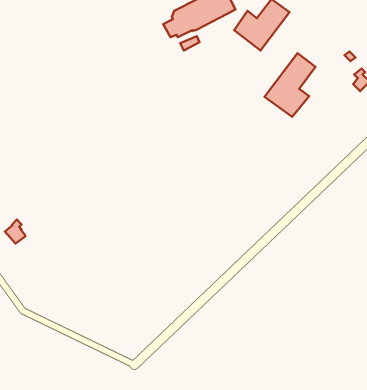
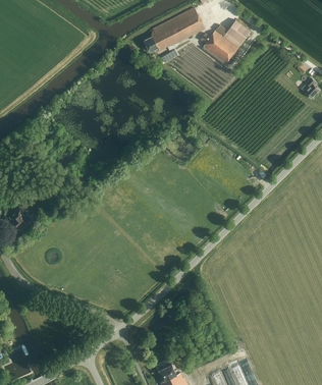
building: [265,53,316,117] -> none

